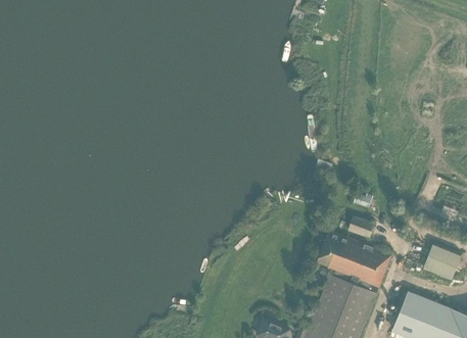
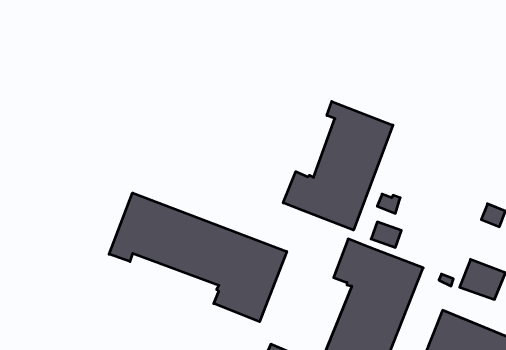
building: none -> [283,101,393,230]
building: none -> [109,193,287,322]

